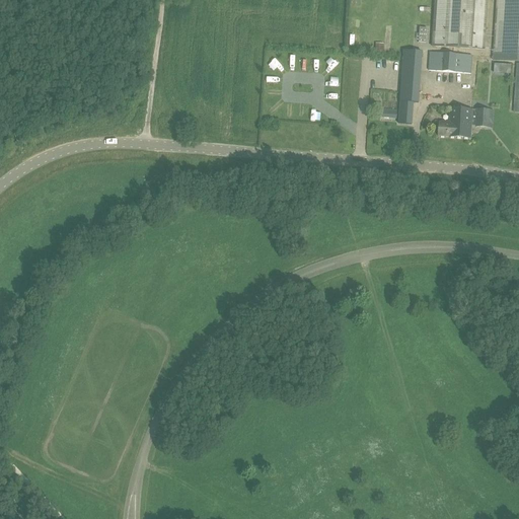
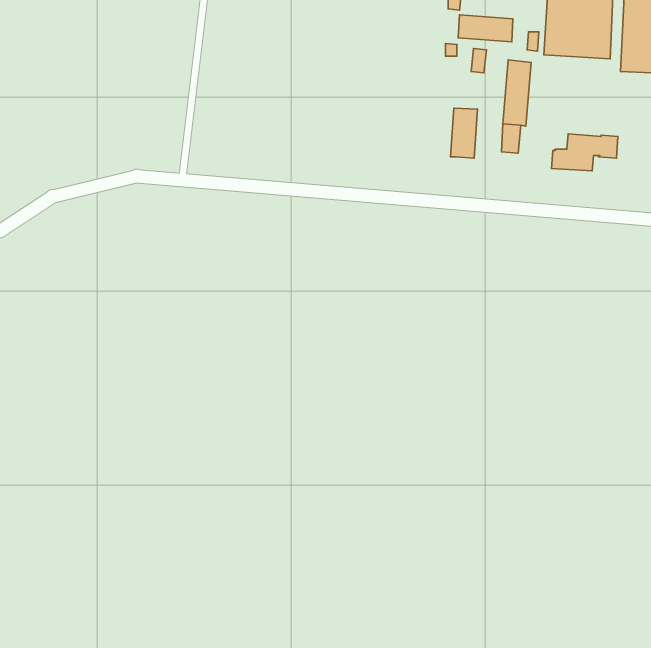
building: [430,50,473,71] -> [458,15,513,42]
building: none -> [450,108,478,158]

